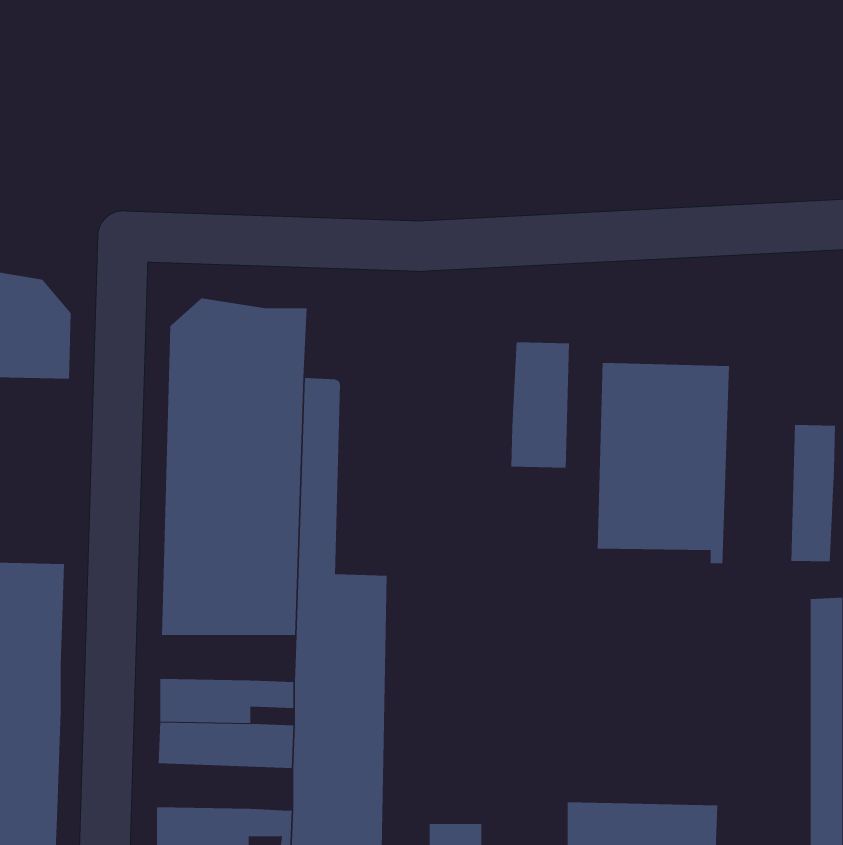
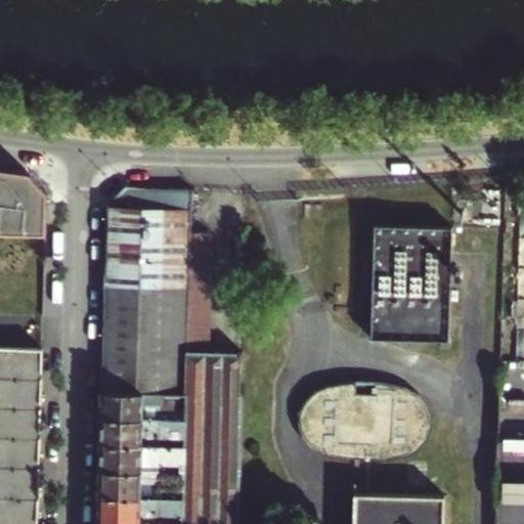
building: [511,342,570,469] -> none
building: [791,424,836,562] -> none
building: none -> [297,387,426,465]
building: none -> [98,394,156,422]
building: none -> [96,473,180,501]

